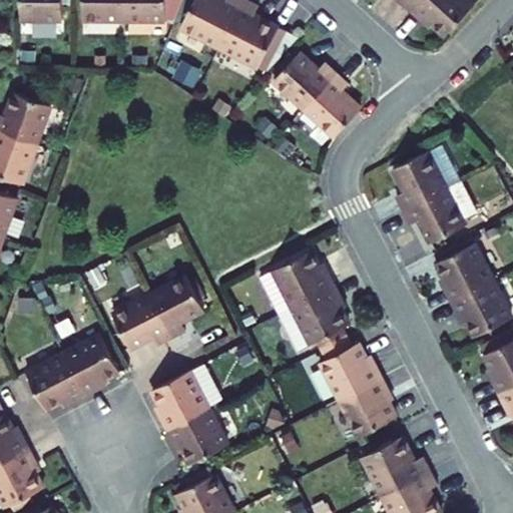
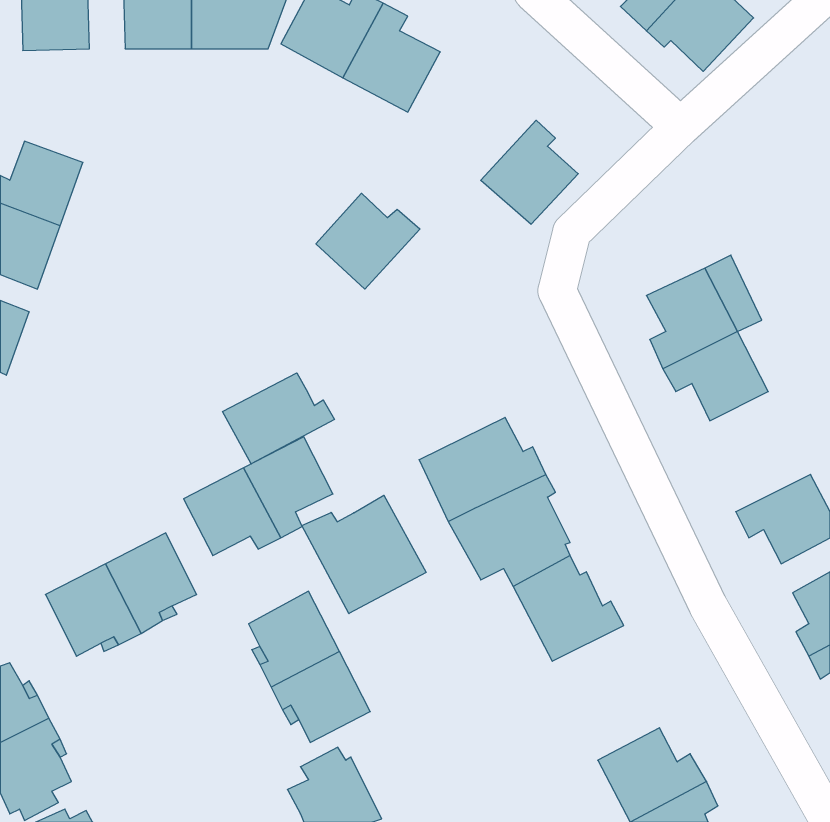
building: [267,52,331,111] -> [316,193,420,289]
building: none -> [223,373,334,464]
building: [446,259,500,316] -> none
building: none -> [302,495,426,614]
building: [341,386,400,446] -> none

